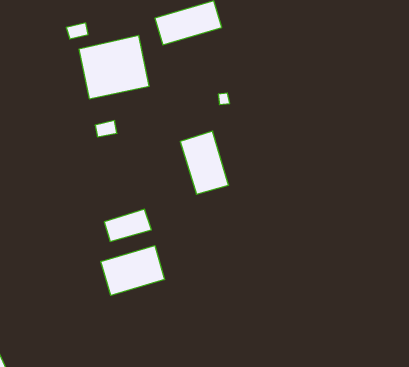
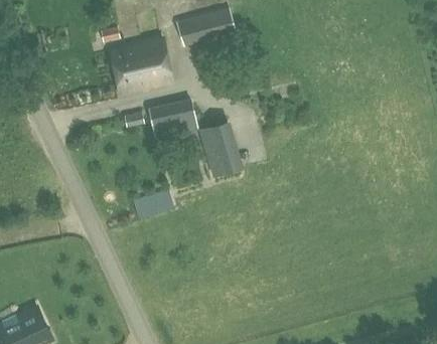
building: none -> [150,103,197,139]
building: [101,246,165,295] -> none

